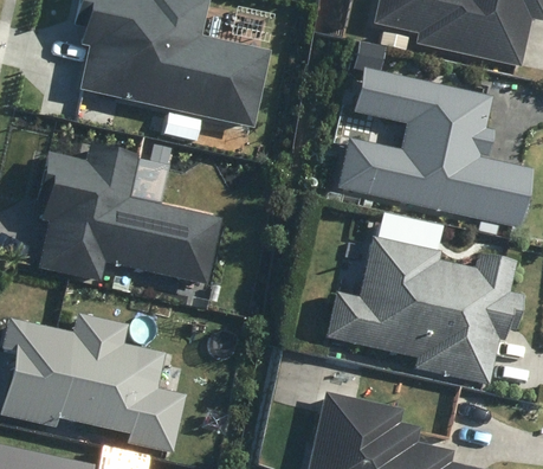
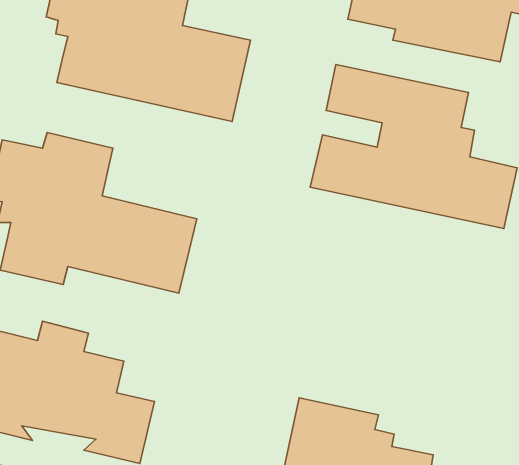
building: [322,237,522,379] -> none

